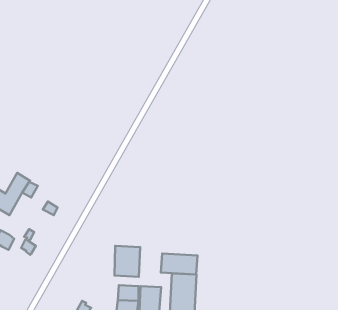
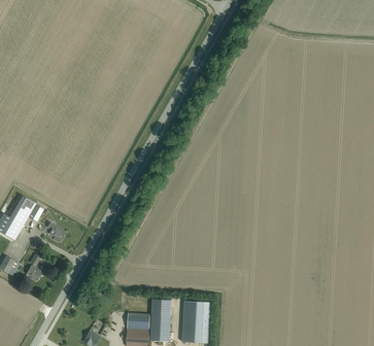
building: [115,246,140,277] -> none
building: [161,254,197,274] -> none

